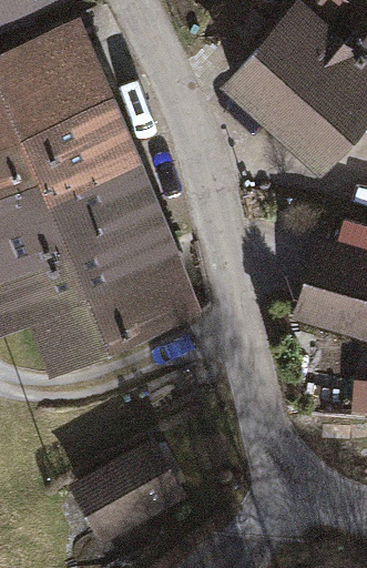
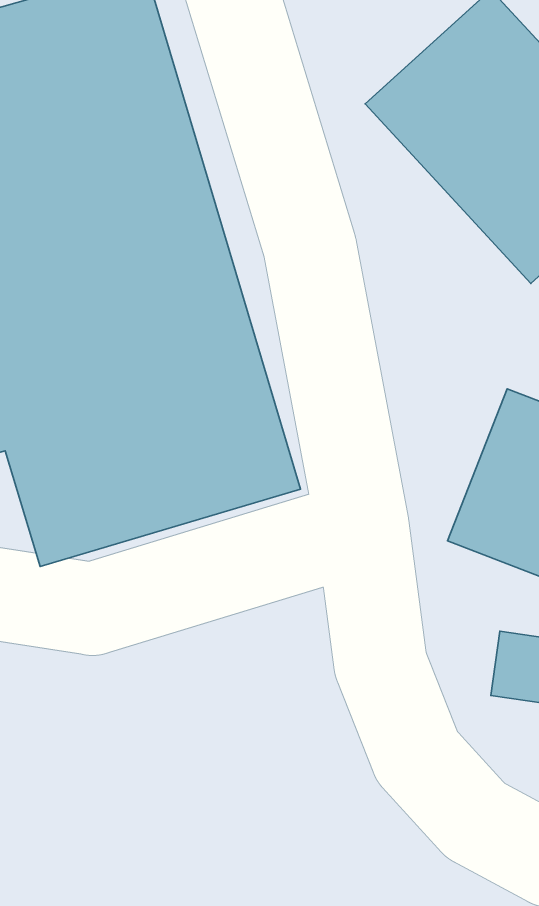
building: [62,440,183,554] -> none

